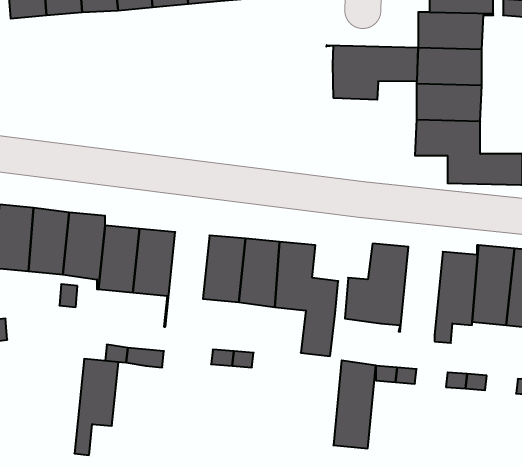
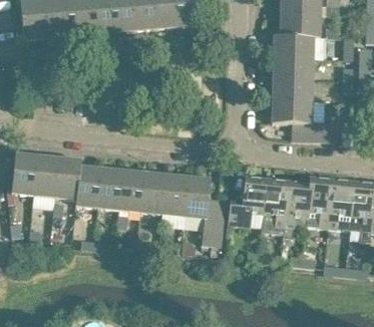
building: [326,45,418,100] -> none
building: [74,359,118,455] -> [117,170,144,229]
building: [333,360,376,448] -> [262,179,288,233]

